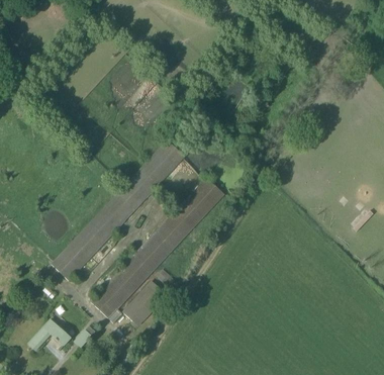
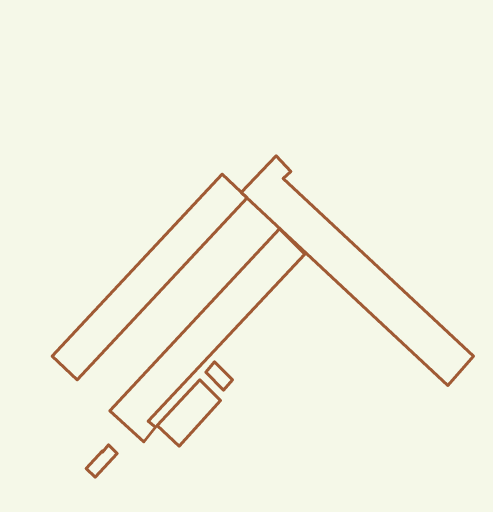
building: none -> [241,156,473,386]
building: [27,319,70,351] -> none

